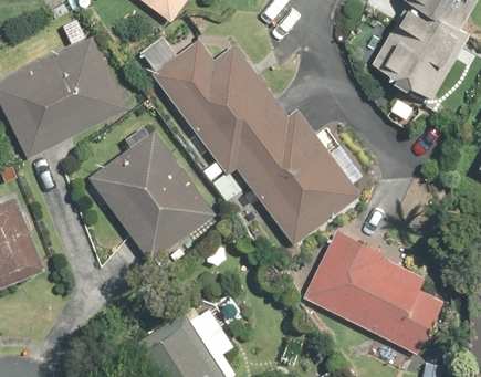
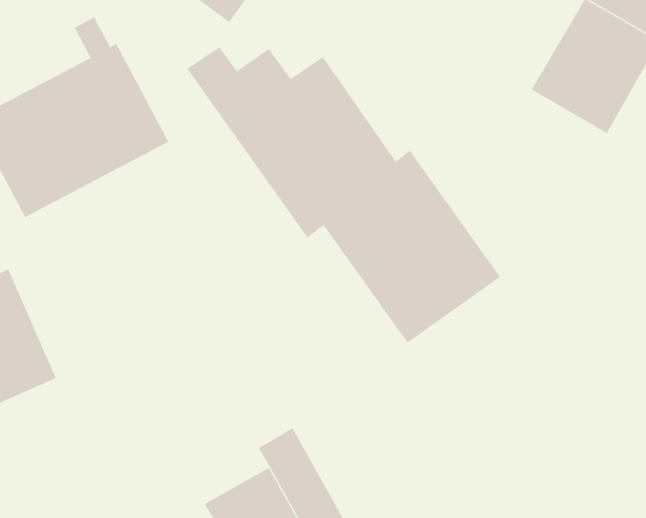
building: [90,123,216,260] -> none
building: [303,228,443,355] -> none

